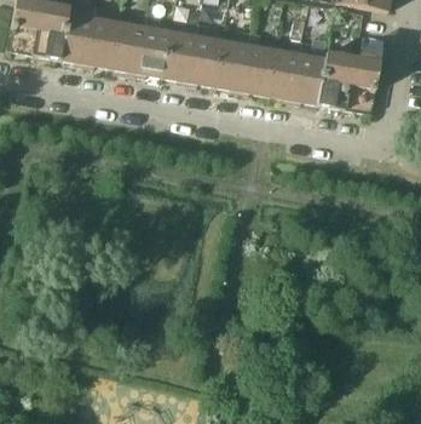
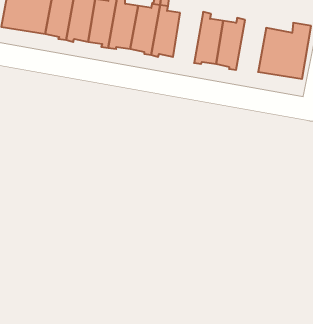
building: [214,30,250,93] -> none
building: [290,41,327,104] -> none

